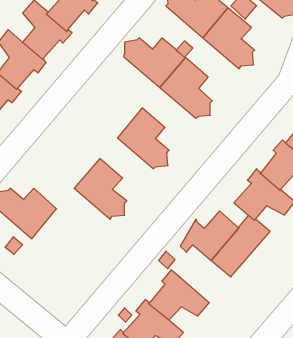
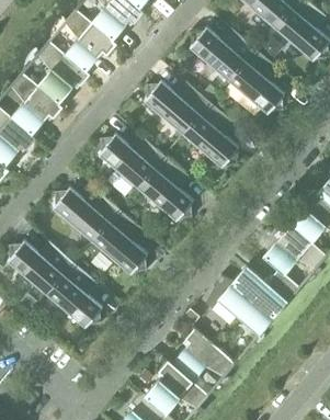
building: none -> [98,135,163,188]
building: none -> [52,188,118,241]
building: none -> [46,263,101,327]

